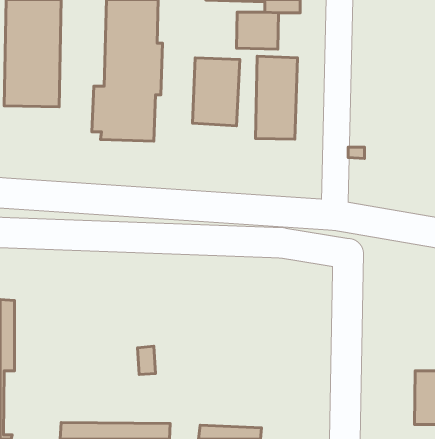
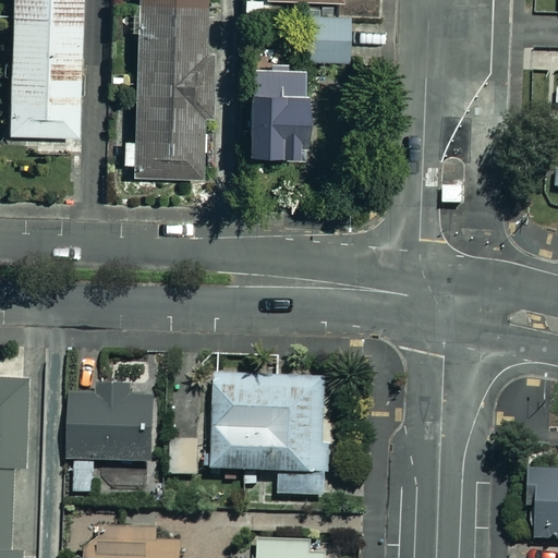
building: [255,56,297,139] -> none
building: none -> [214,376,327,494]
building: none -> [70,387,151,490]

